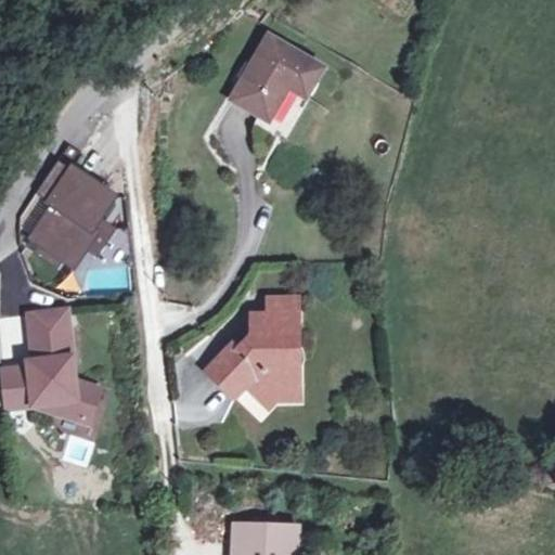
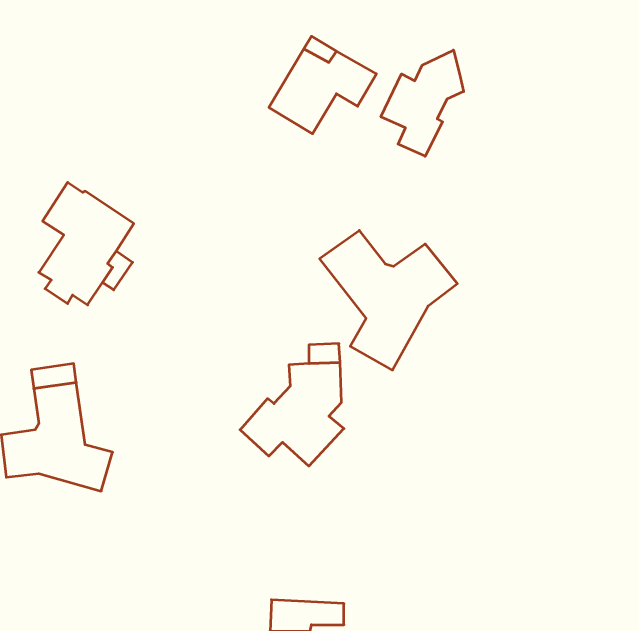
building: none -> [381,50,464,156]
building: none -> [320,230,457,370]

